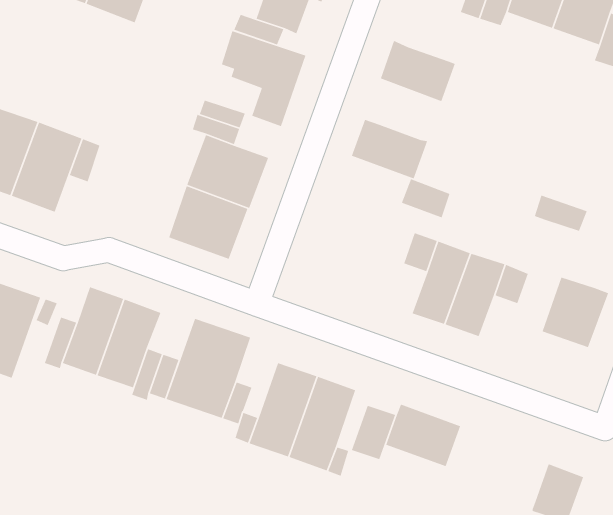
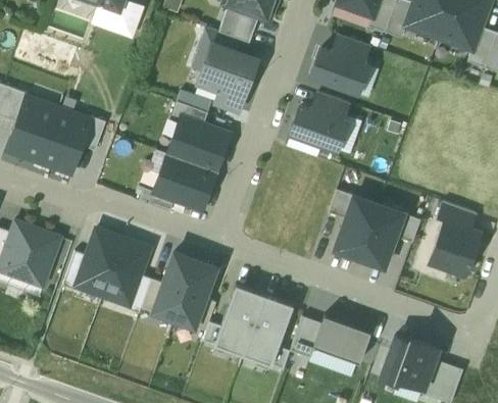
building: none -> [333,35,369,63]
building: [401,178,451,218] -> [311,92,348,121]
building: [534,194,588,232] -> [437,203,477,231]
building: none -> [381,338,440,389]

